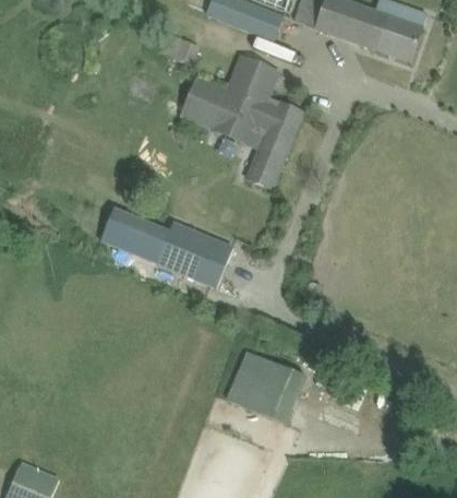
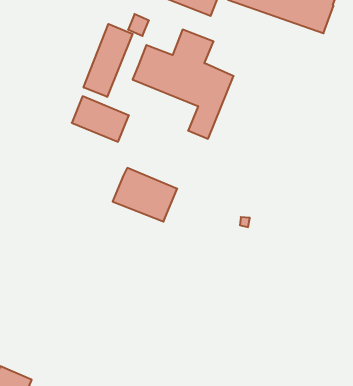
building: none -> [84,24,133,97]
building: [100,209,169,263] -> [72,96,129,142]
building: [231,357,306,424] -> none

